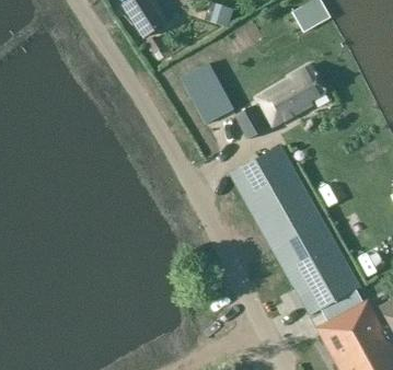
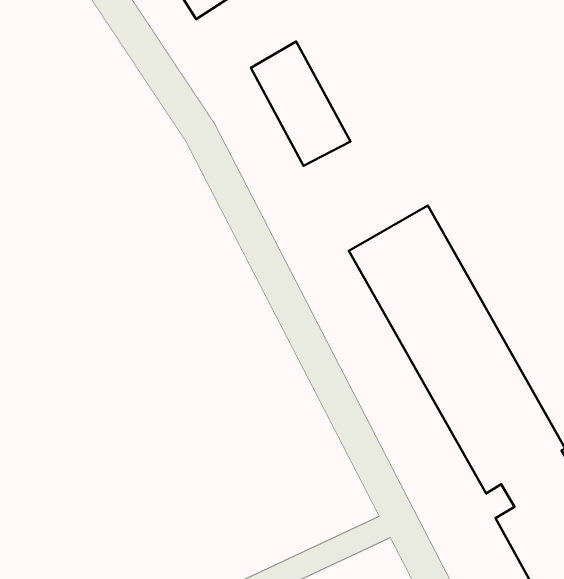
building: [236,65,327,139] -> none

